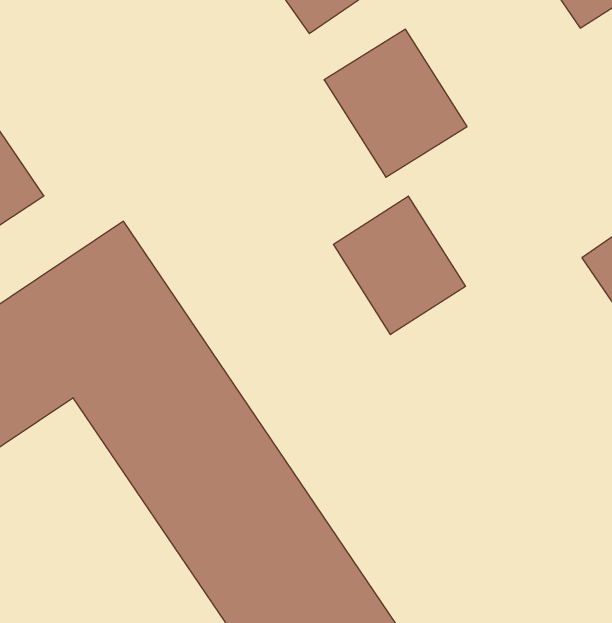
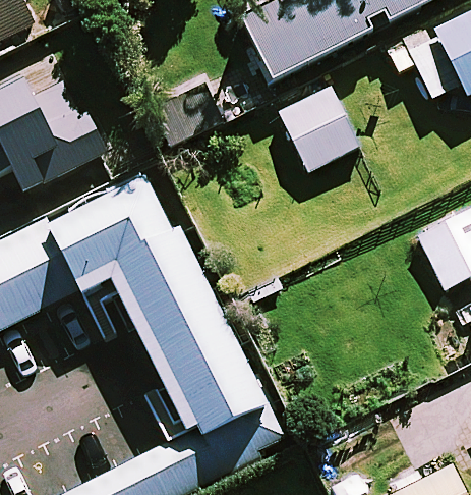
building: [333,196,465,335] -> none

